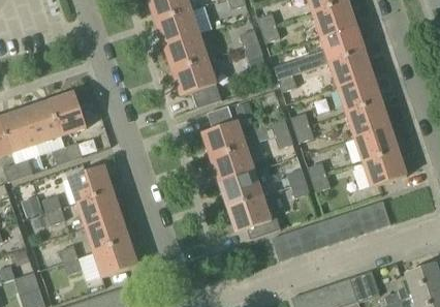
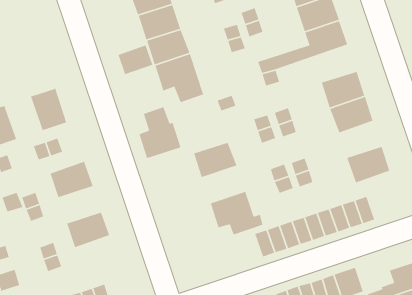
building: none -> [117,44,154,75]
building: [329,50,374,87] -> none
building: [25,100,62,144] -> none
building: [202,104,246,157] -> [138,106,182,159]
building: [355,125,399,161] -> none
building: [219,170,263,207] -> none
building: [77,190,121,226] -> none
building: [94,239,138,277] -> none

